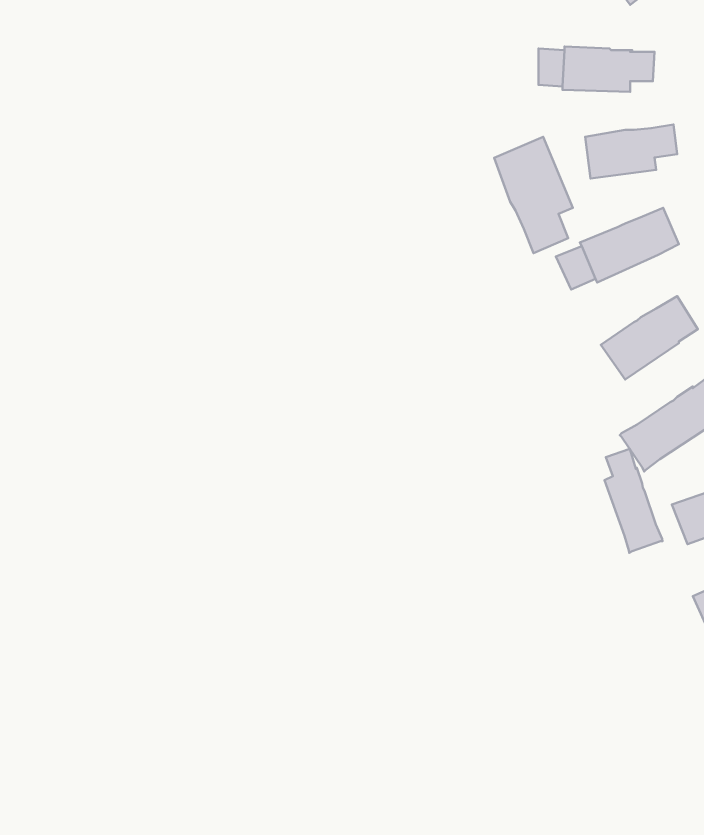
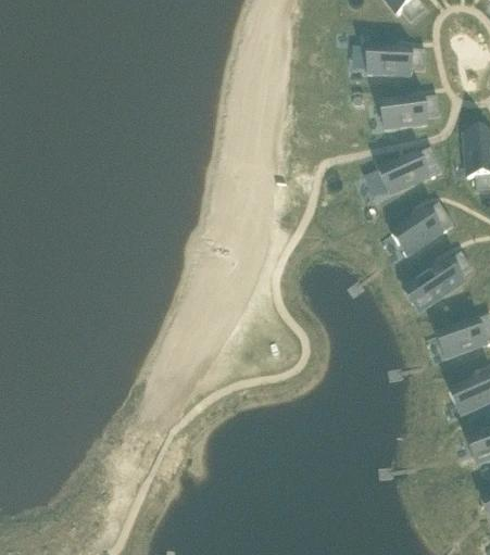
building: [494,137,573,253] -> none
building: [605,449,663,553] -> none

